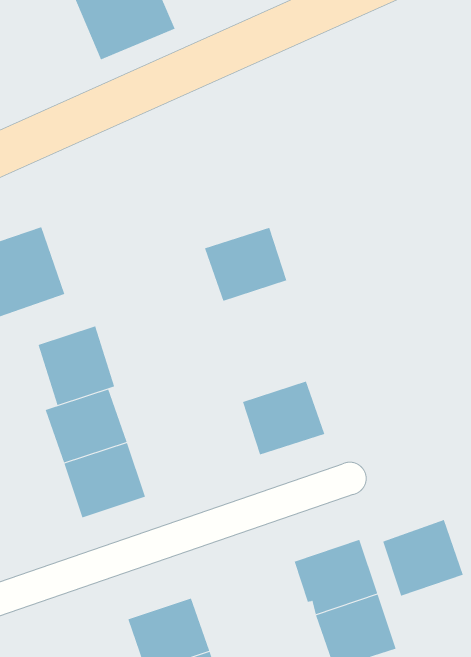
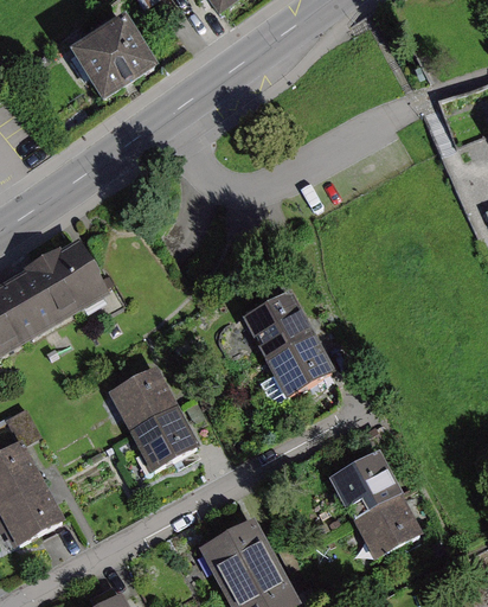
building: [204,227,287,302] -> [240,289,312,356]
building: [38,325,115,406] -> none
building: [382,519,463,596] -> none

